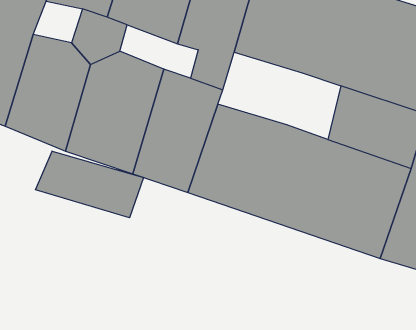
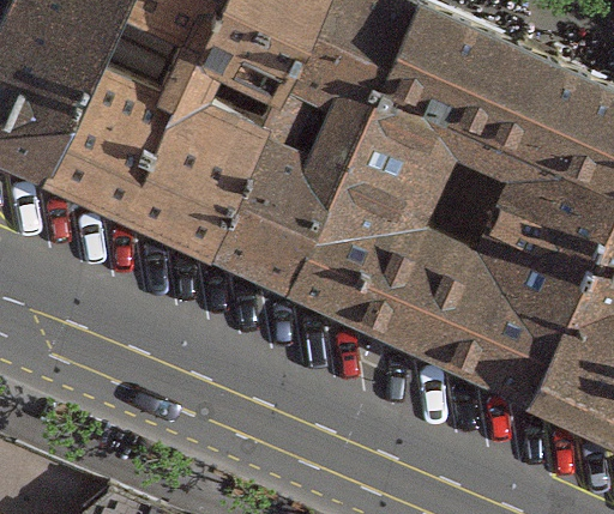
building: none -> [329,115,444,218]
building: [36,151,144,218] -> none

